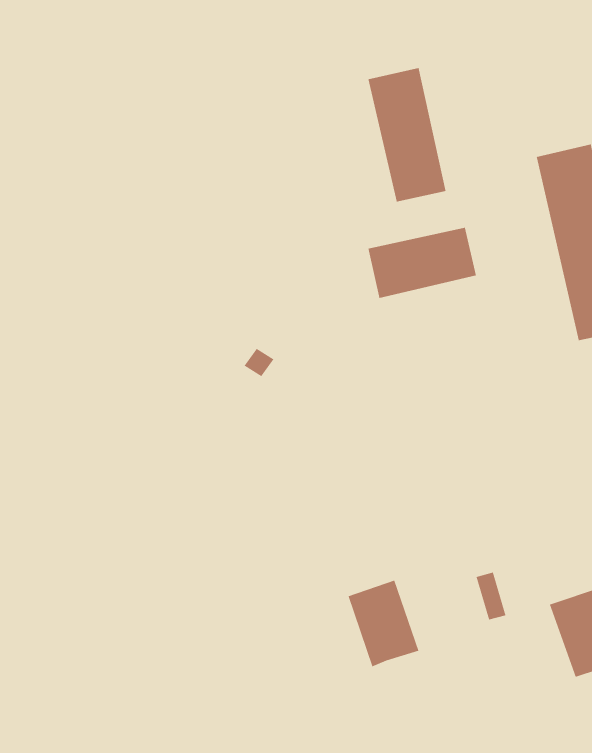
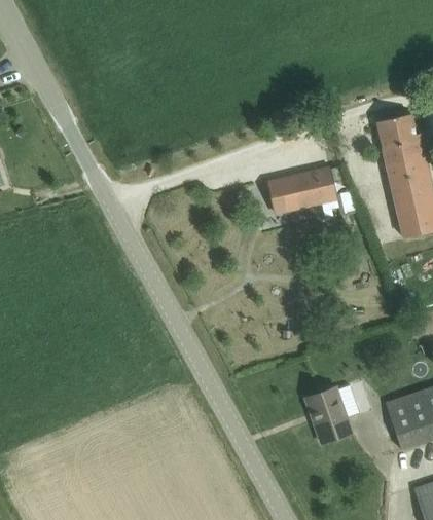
building: [367,67,447,202] -> none
building: [347,579,419,668] -> [305,388,351,444]

